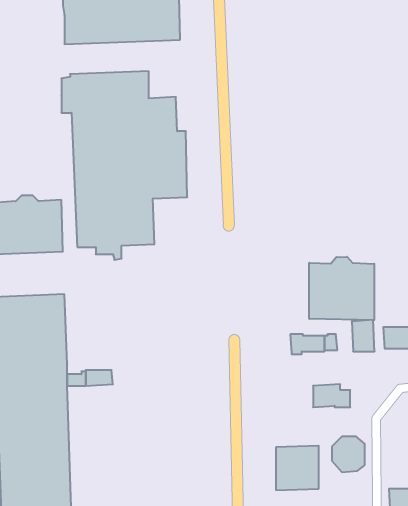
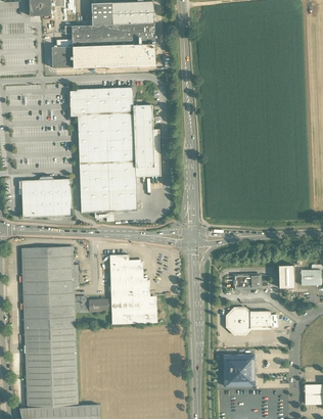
building: none -> [50,47,72,68]
building: [309,257,374,320] -> none
building: none -> [107,254,154,325]
building: [332,437,365,472] -> [226,309,249,334]

